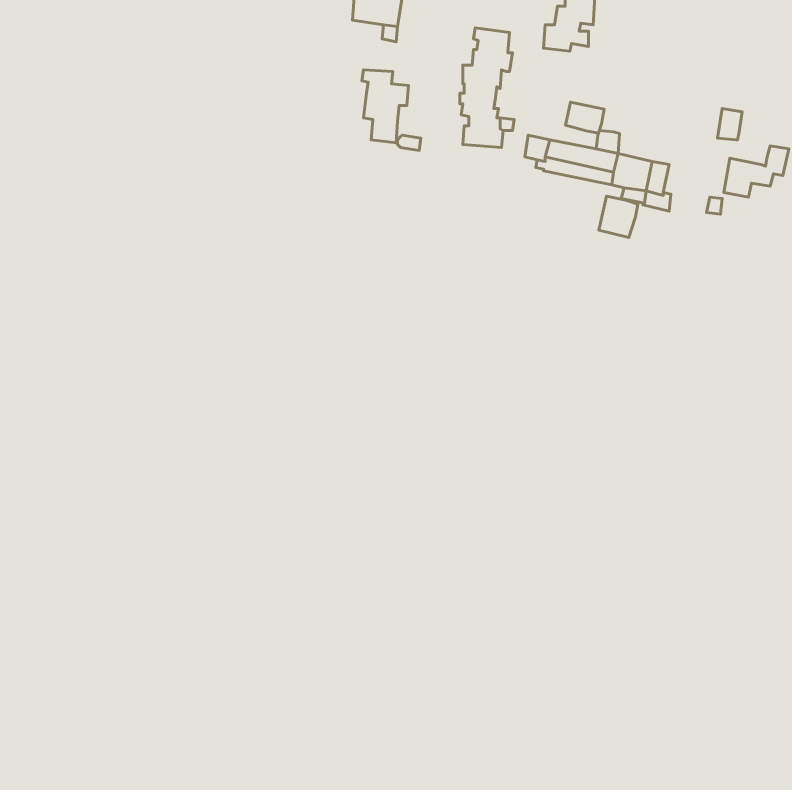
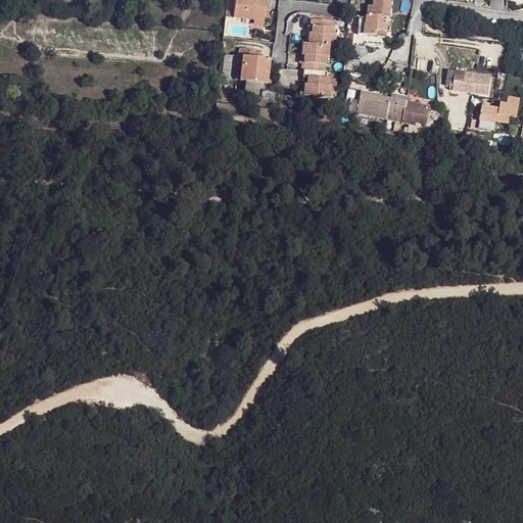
building: [565,102,604,133] -> none
building: none -> [444,68,476,91]
building: [599,196,638,237] -> none

